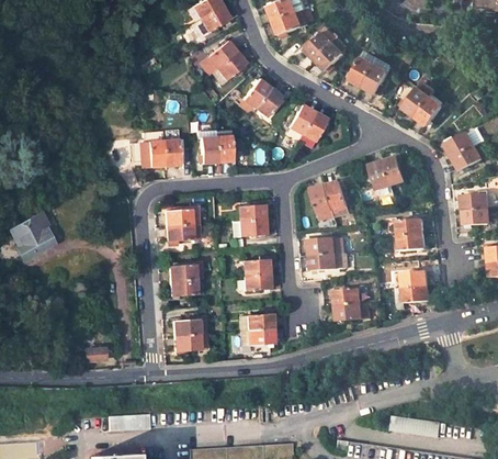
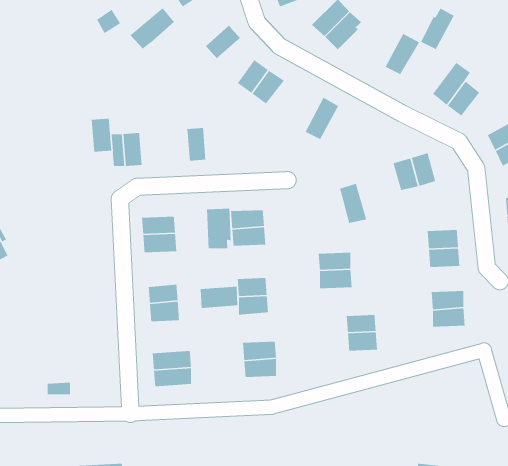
building: [199,38,236,74] -> [130,7,175,50]
building: [351,51,380,86] -> [420,8,455,50]
building: [286,103,314,139] -> none
building: [215,134,233,163] -> none
building: [162,138,180,167] -> [91,118,112,152]
building: [312,186,335,220] -> none
building: none -> [206,208,231,249]
building: none -> [200,286,238,309]

